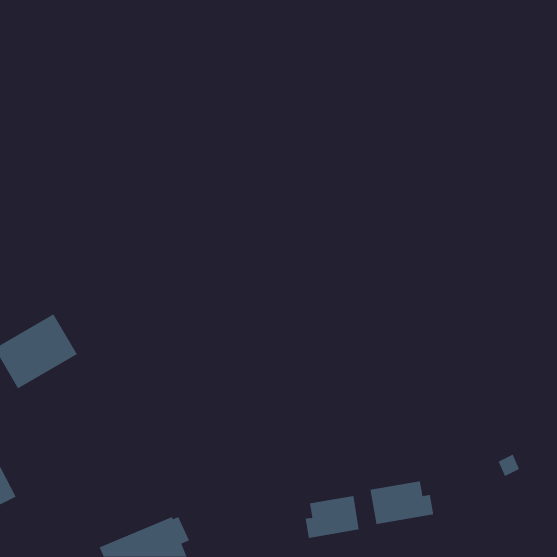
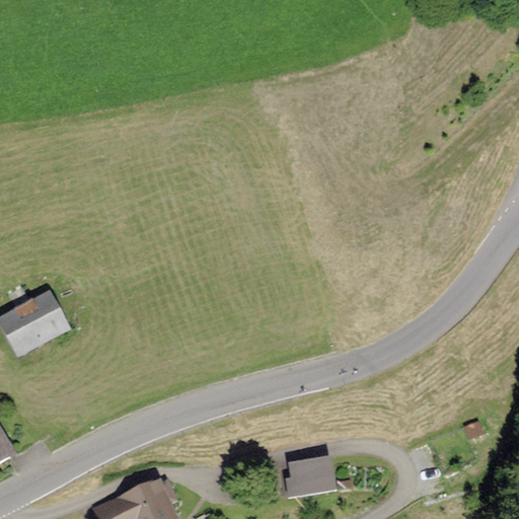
building: [370,481,434,525] -> none

